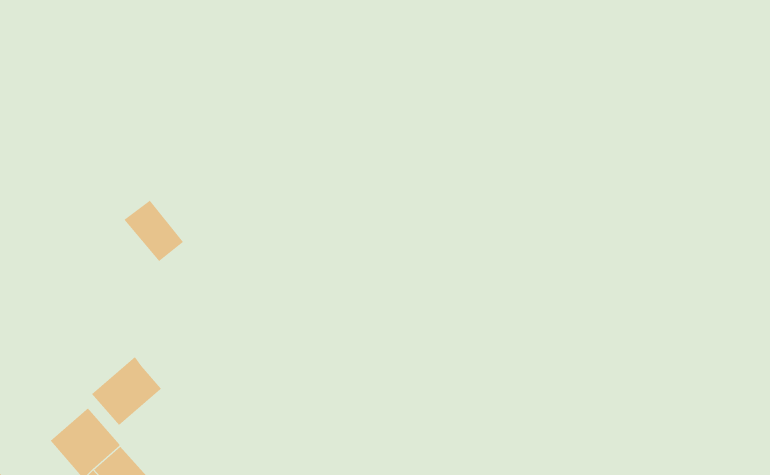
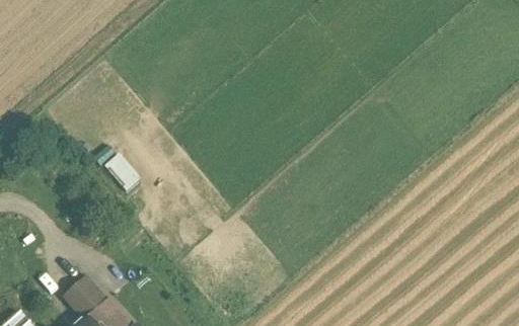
building: [91,356,161,426] -> none

